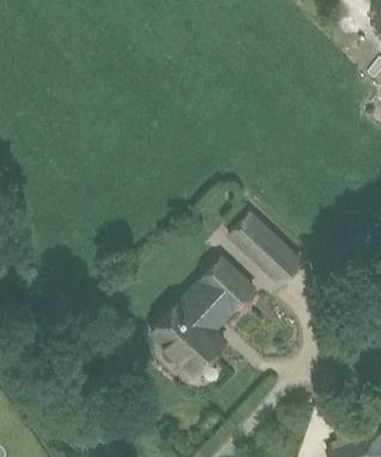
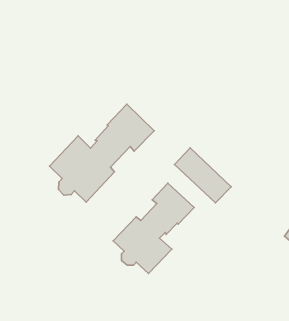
building: none -> [50,104,154,202]

